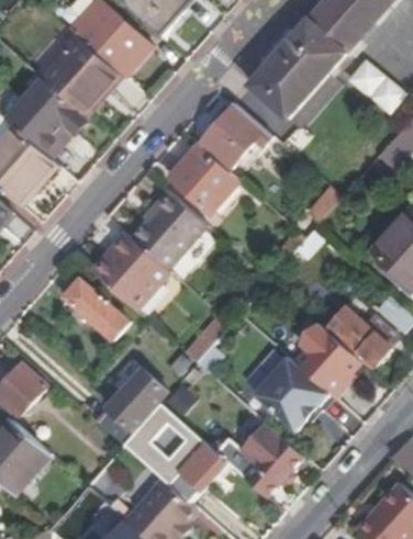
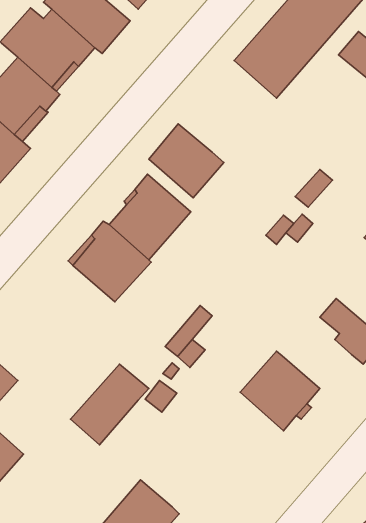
building: [196,102,270,170] -> none
building: [63,279,127,339] -> none
building: [293,323,358,397] -> none
building: [122,403,226,503] -> none
building: [239,422,304,498] -> none

